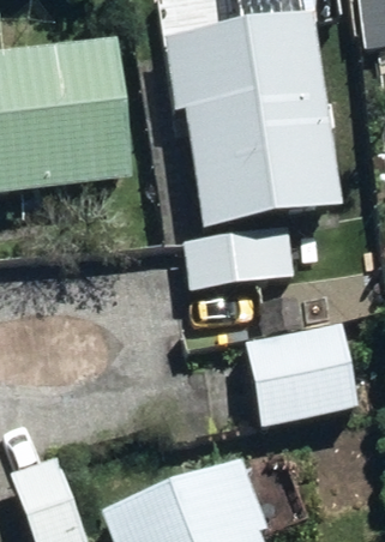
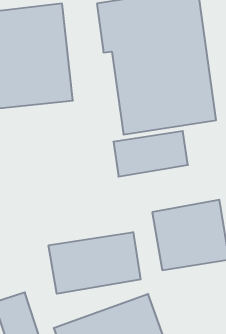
building: none -> [49,232,141,294]

